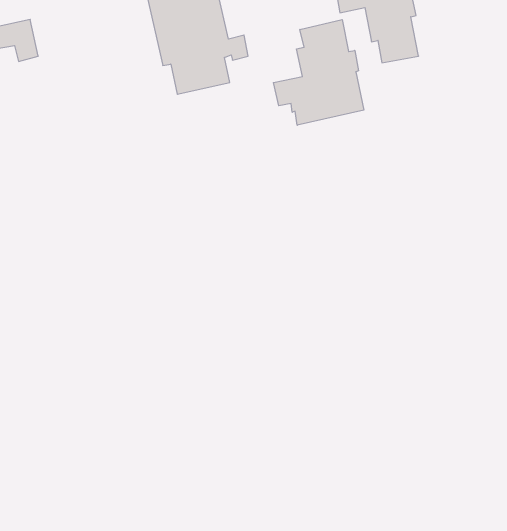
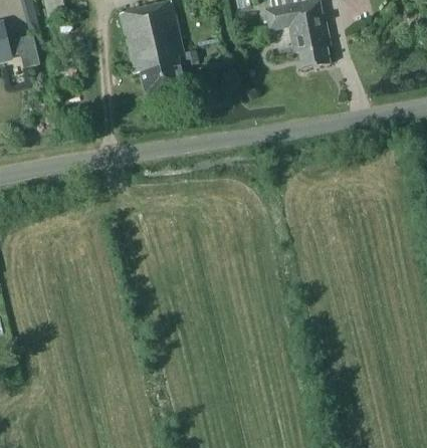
building: [273,20,364,125] -> none

